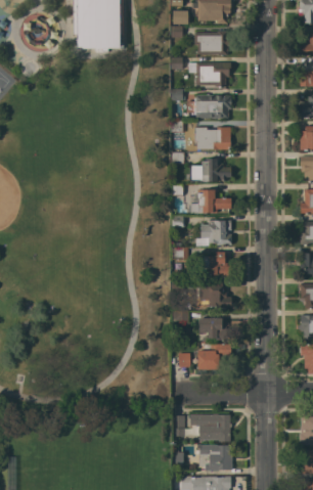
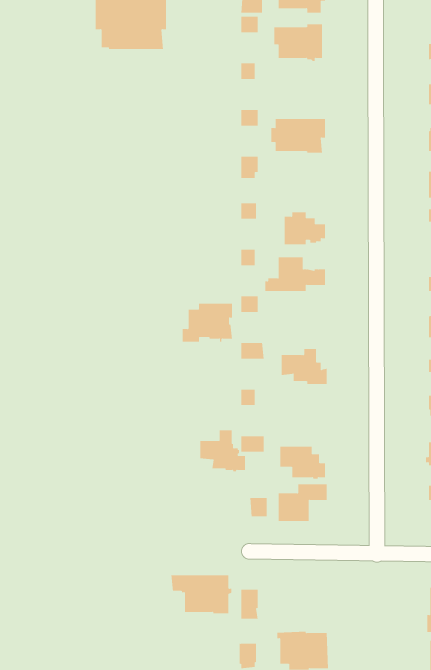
building: [189,62,231,87] -> none
building: [194,127,231,149] -> none
building: [197,220,232,247] -> [182,303,233,342]
building: [200,279,232,308] -> [199,430,246,472]
building: [190,414,232,441] -> [171,575,232,614]

